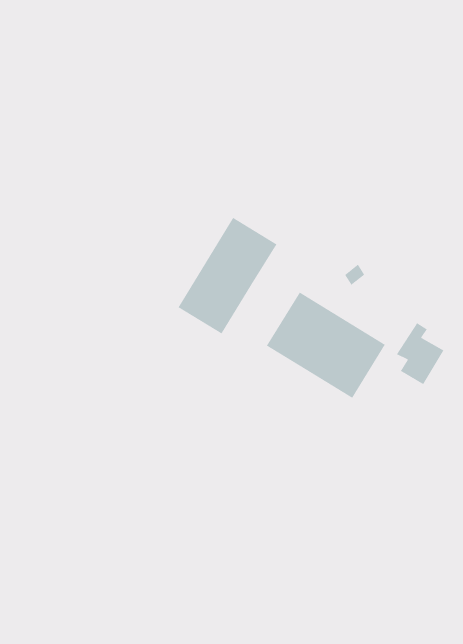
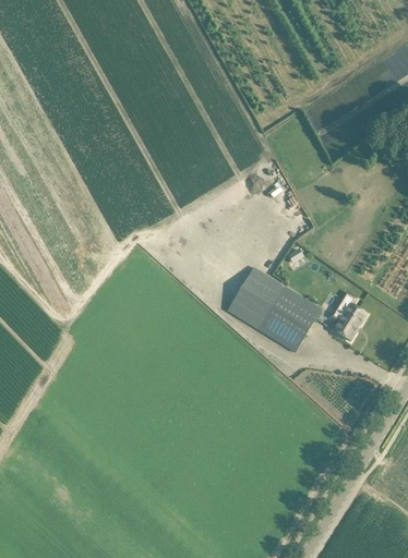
building: [177,217,277,335] -> none

